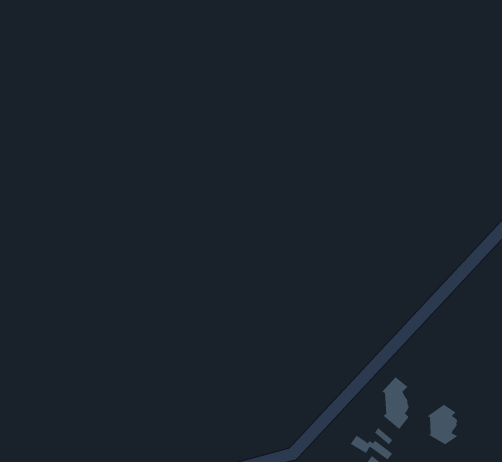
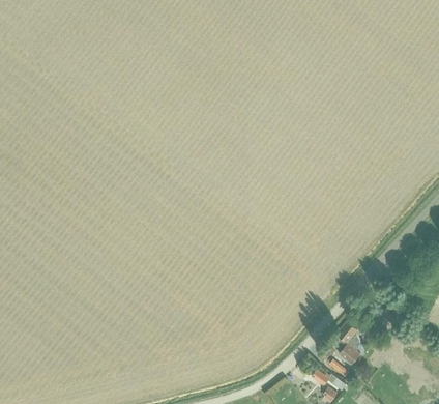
building: [426,404,459,445] -> none

